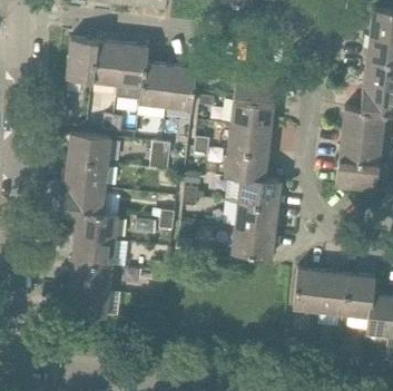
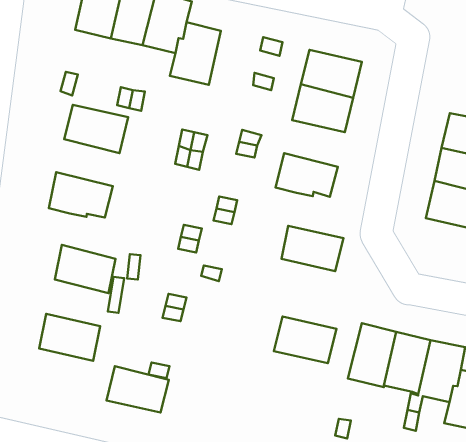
building: [167,67,196,109] -> none
building: [227,126,269,156] -> none
building: [63,158,108,188] -> none
building: [236,176,279,207] -> none
building: [73,211,117,241] -> none
building: [230,227,274,257] -> [274,317,336,363]
building: [68,261,111,291] -> [107,366,169,413]

